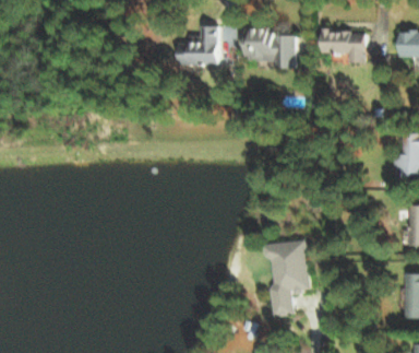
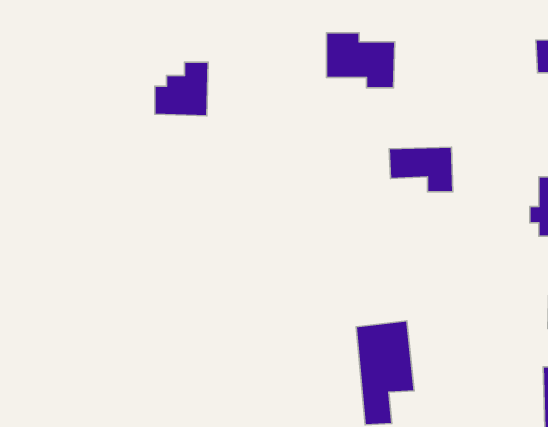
building: [178,25,217,64] -> [155,62,208,116]
building: [319,30,366,62] -> [389,147,453,192]

